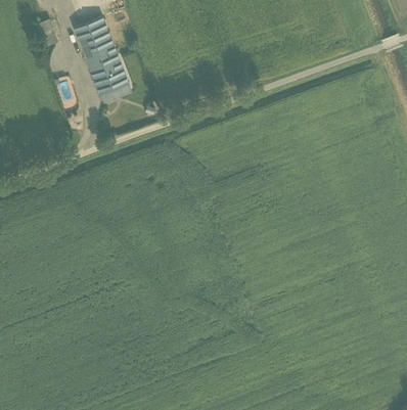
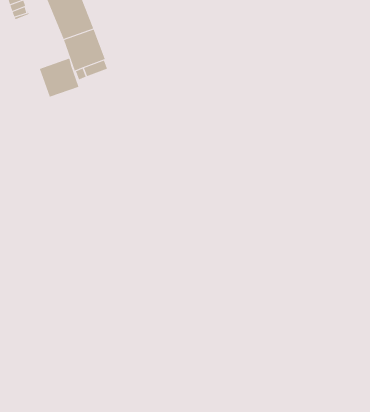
building: none -> [39,58,79,97]

